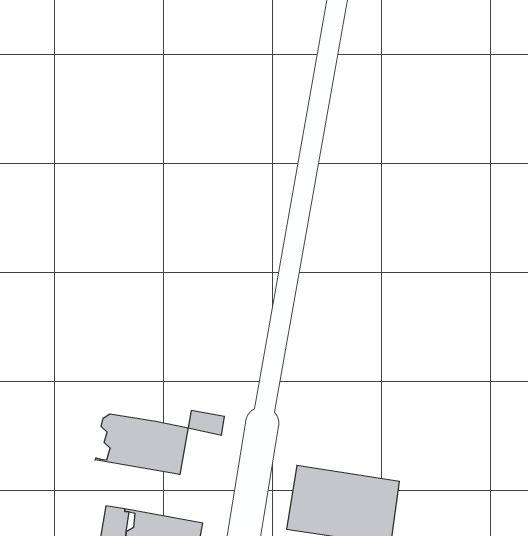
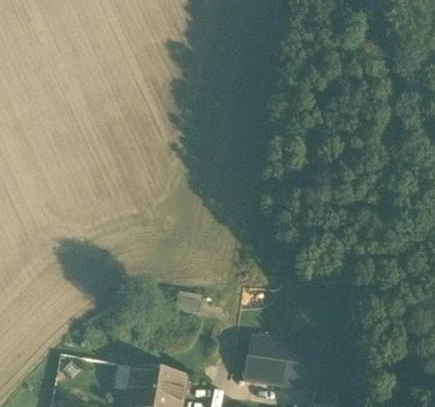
building: [95,414,188,475] -> none

